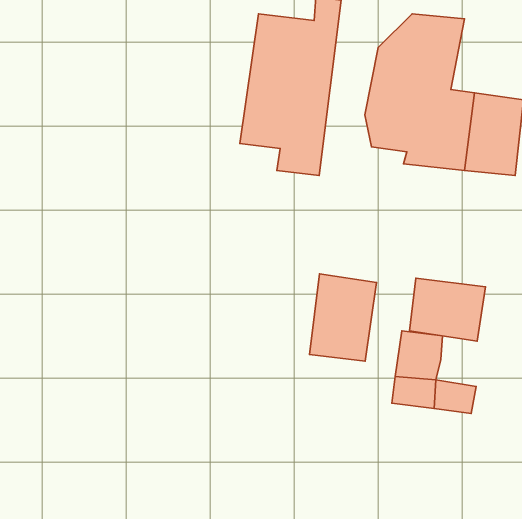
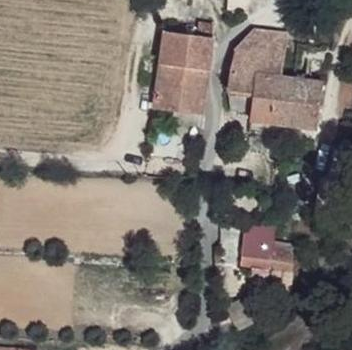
building: [309,274,377,361] -> none
building: [409,278,485,341] -> none

